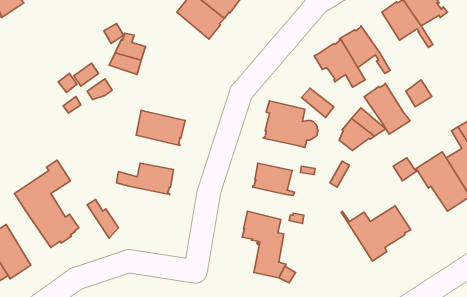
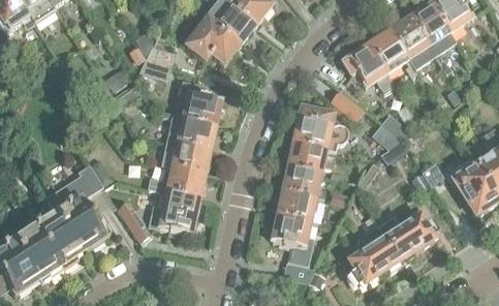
building: none -> [186,17,239,63]
building: none -> [176,81,222,124]
building: [364,83,410,134] -> [391,17,436,67]
building: none -> [161,139,211,173]
building: none -> [288,142,328,174]
building: none -> [149,189,200,234]
building: none -> [278,190,316,222]
building: none -> [38,214,85,268]
building: none -> [348,215,402,285]

